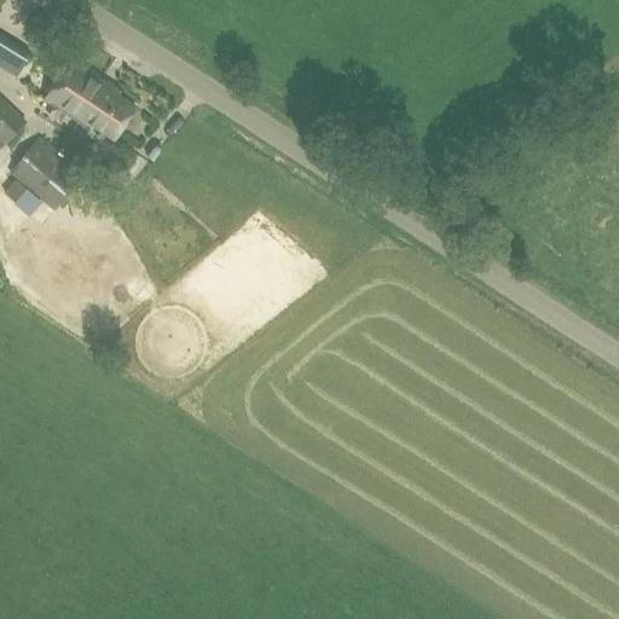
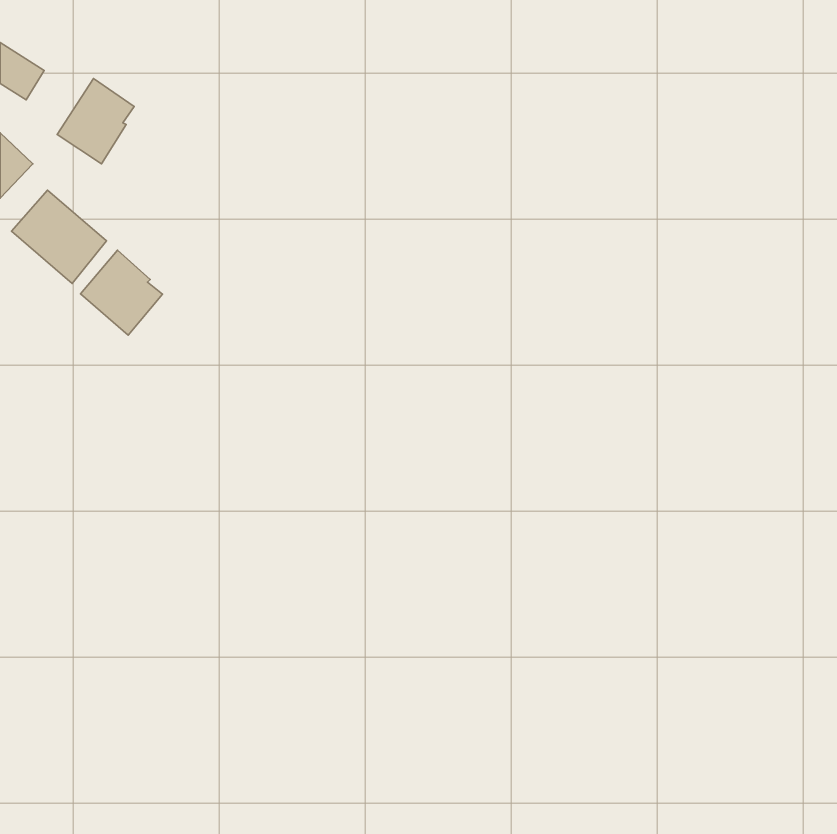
building: [75,81,133,143] -> none
building: none -> [80,250,162,335]

